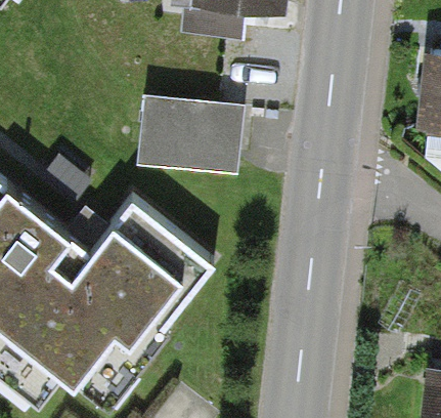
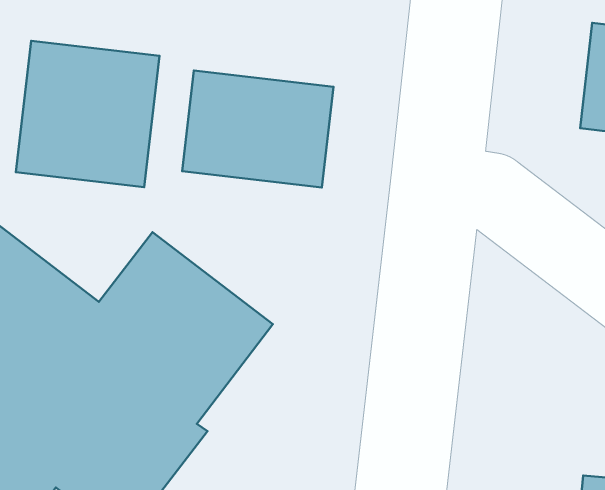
building: none -> [16,41,160,187]

